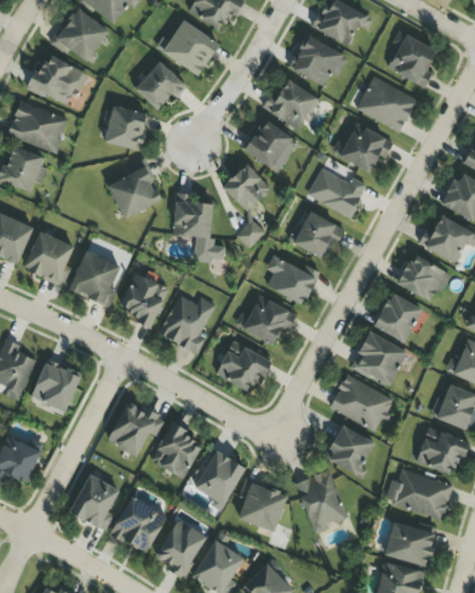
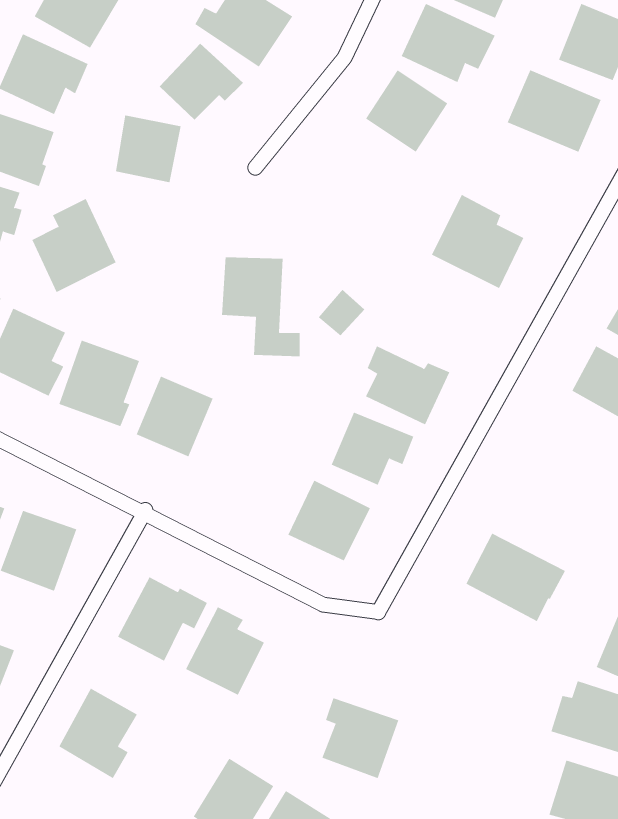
building: [244,118,298,172] -> none
building: [332,122,394,172] -> none
building: [108,158,162,218] -> [31,198,117,293]
building: [222,162,270,211] -> none
building: [287,210,342,260] -> none
building: [373,291,422,342] -> none
building: [158,293,216,353] -> none
building: [350,330,407,387] -> none
building: [325,424,376,474] -> none
building: [189,447,245,503] -> none
building: [296,469,347,530] -> none
building: [111,497,165,552] -> none

